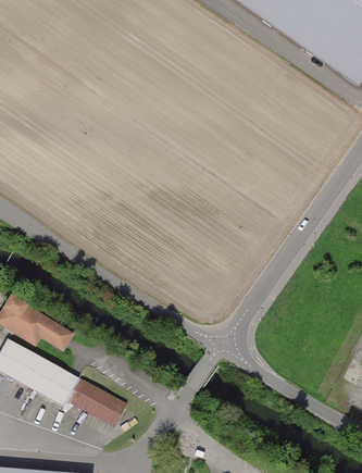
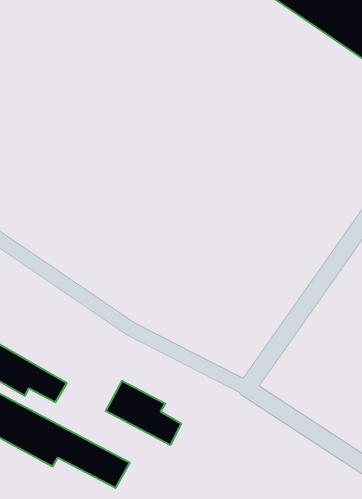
building: none -> [106,381,181,445]

